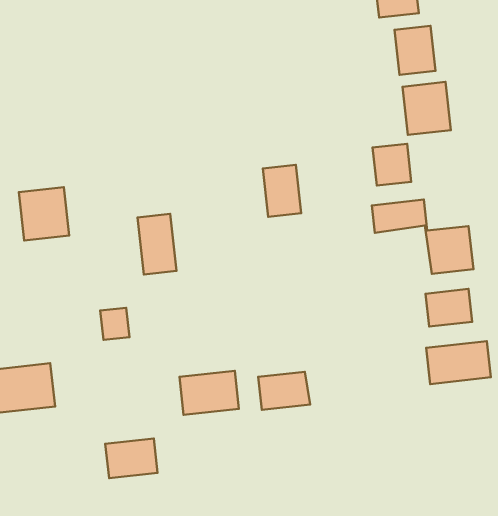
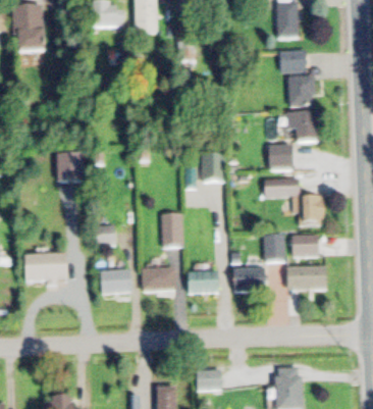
building: [137,214,177,275] -> [164,211,183,245]
building: none -> [264,234,282,260]
building: none -> [232,269,261,291]
building: [105,438,158,478] -> [102,269,130,290]

